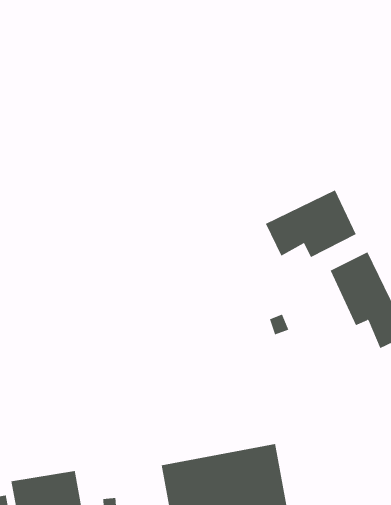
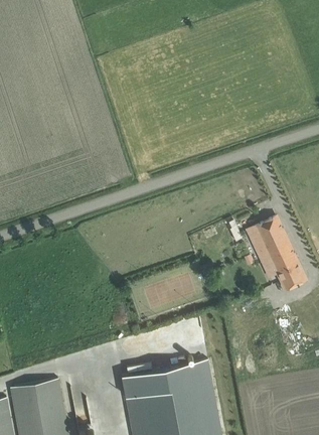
building: [265,190,356,258] -> none

